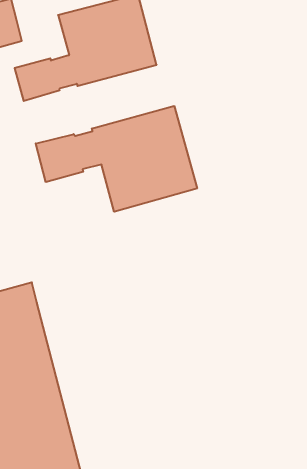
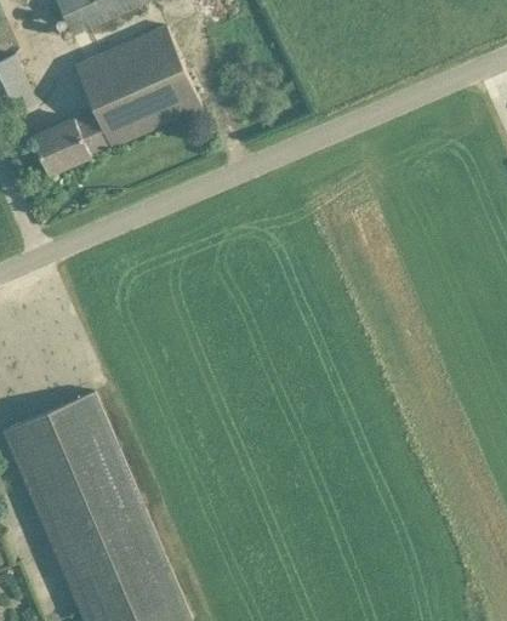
building: [36,106,197,212] -> none

